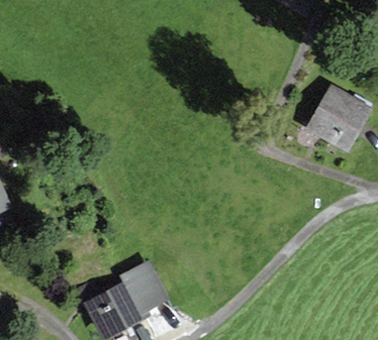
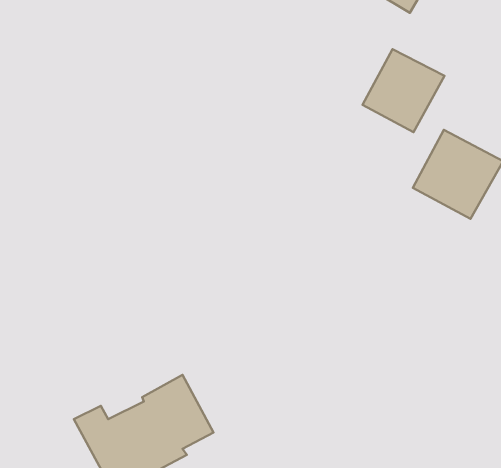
building: none -> [363,49,445,132]

